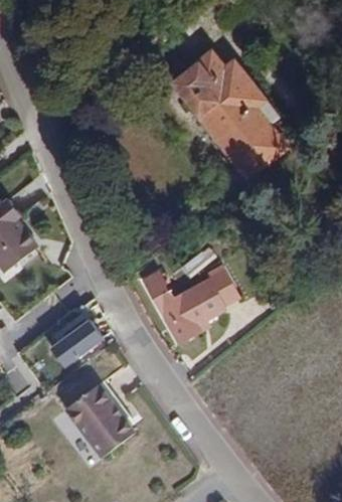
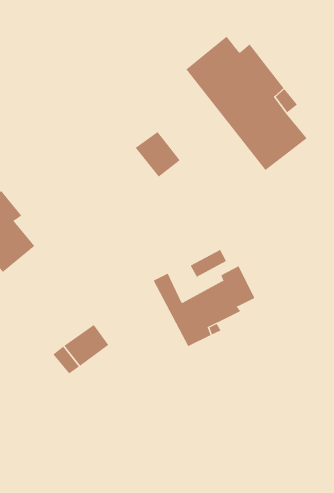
building: none -> [135,131,180,177]
building: [63,385,132,459] -> none

